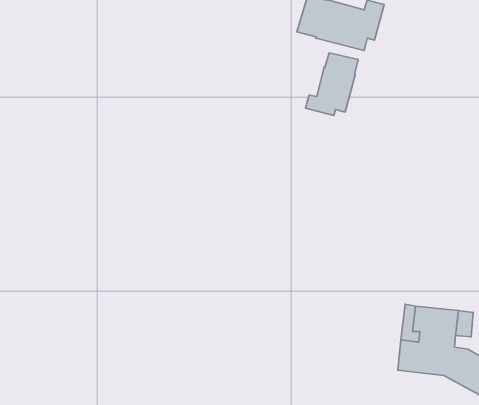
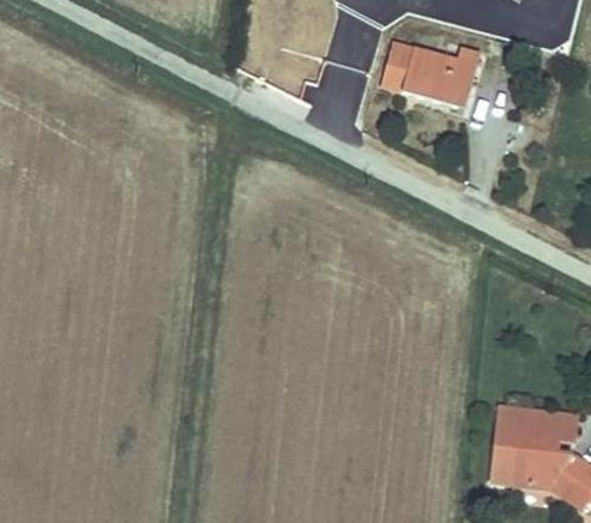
building: [306,53,358,115] -> none

